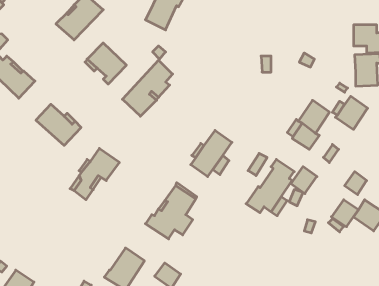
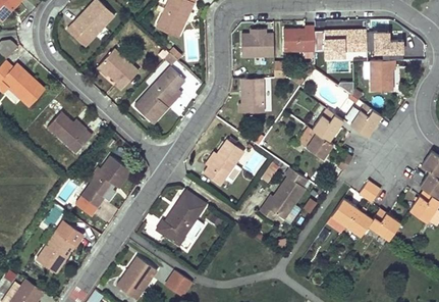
building: none -> [283,27,315,52]
building: none -> [324,29,367,56]
building: none -> [241,30,274,58]
building: none -> [238,79,265,114]
building: [291,167,317,194] -> [331,198,358,225]
building: none -> [36,221,81,273]

